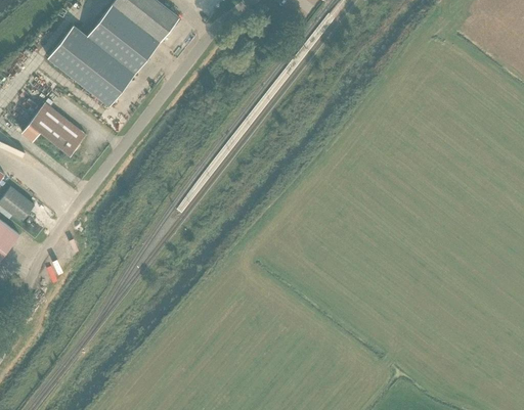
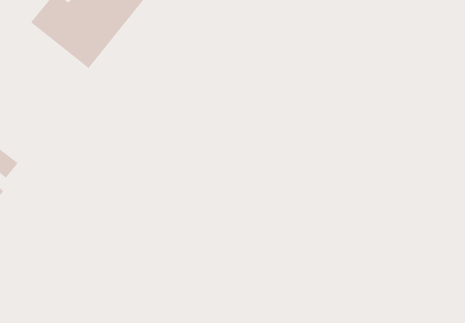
building: [21,102,86,155] -> none

